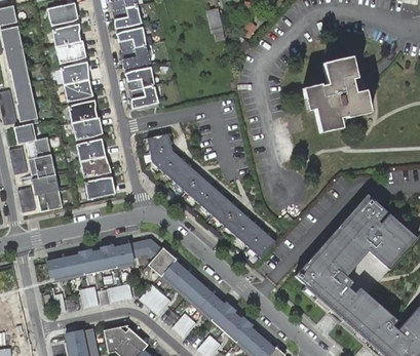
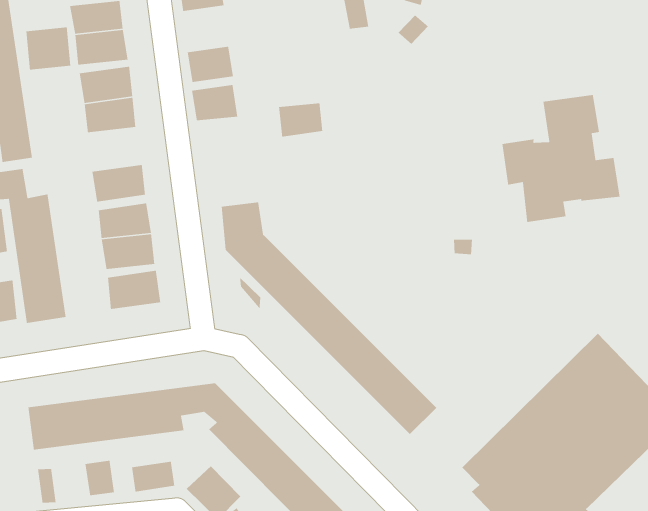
building: [116,27,144,50] -> none
building: none -> [26,27,71,70]
building: [128,85,155,107] -> [278,102,323,138]
building: [68,100,100,122] -> none

